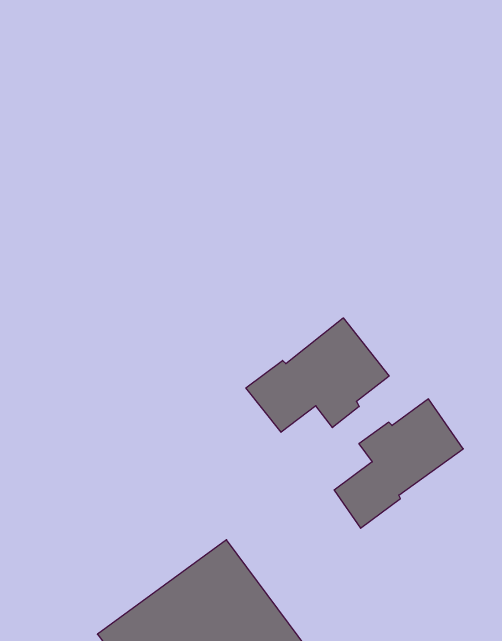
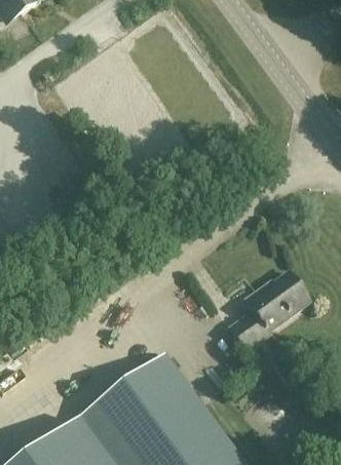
building: [246,318,389,432] -> none

